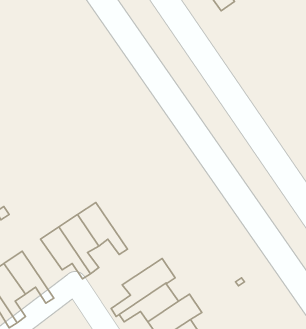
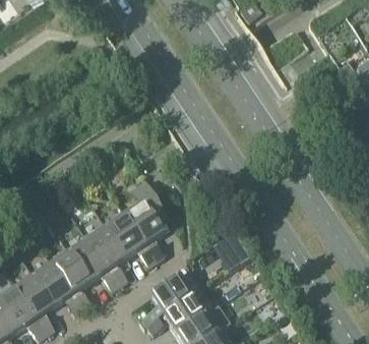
building: none -> [124,189,164,260]
building: none -> [51,249,90,308]

